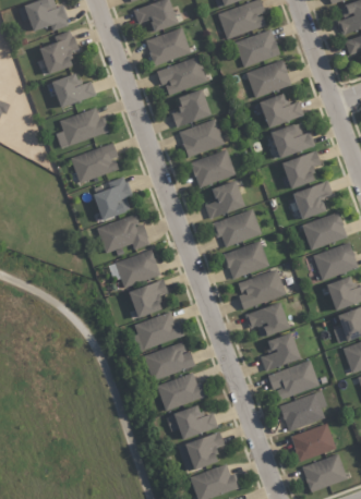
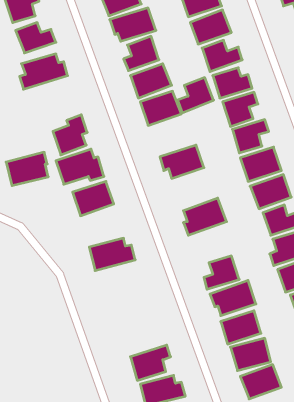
building: [71,144,118,181] -> [6,152,48,186]
building: [204,180,244,219] -> [177,78,214,113]
building: [224,242,268,277] -> none
building: [129,280,167,316] -> none
building: [244,302,289,338] -> none
building: [143,342,195,380] -> none
building: [156,373,206,411] -> none
building: [166,406,218,438] -> none

